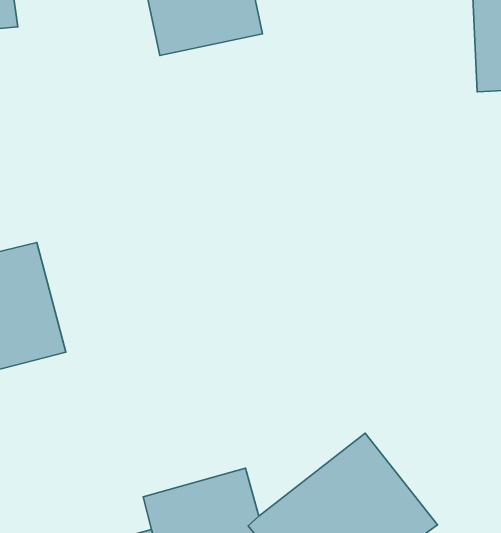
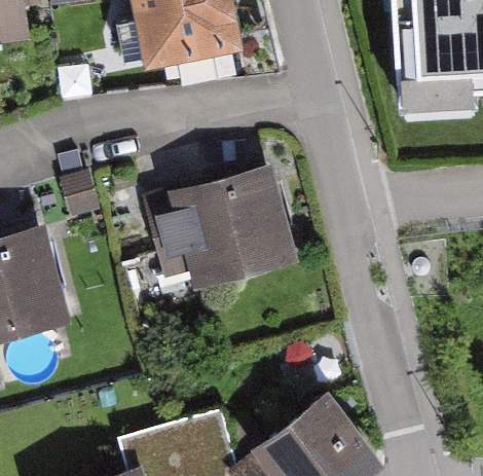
building: none -> [150,166,297,285]

